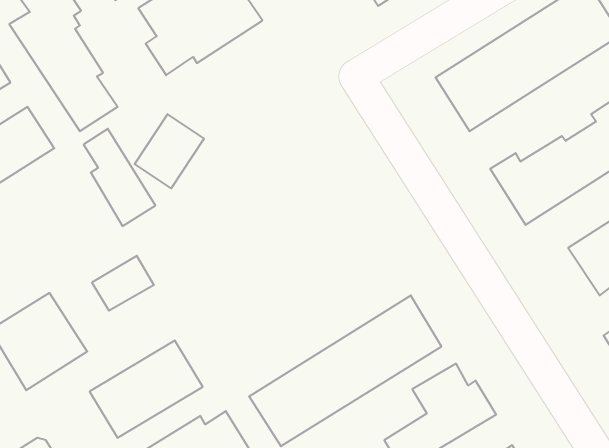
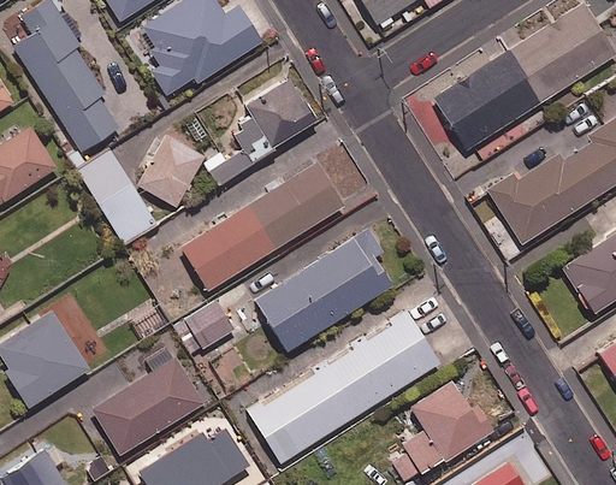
building: none -> [205,77,316,185]
building: none -> [182,162,344,290]
building: none -> [255,227,393,351]
building: [92,256,154,311] -> [173,301,235,355]

